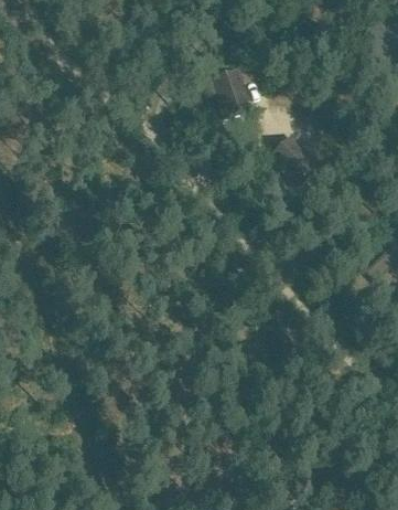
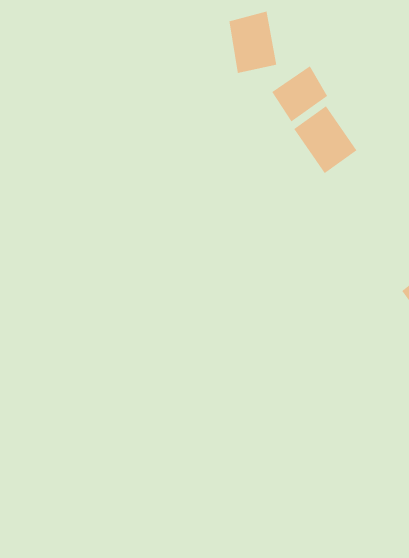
building: none -> [271,65,328,123]

